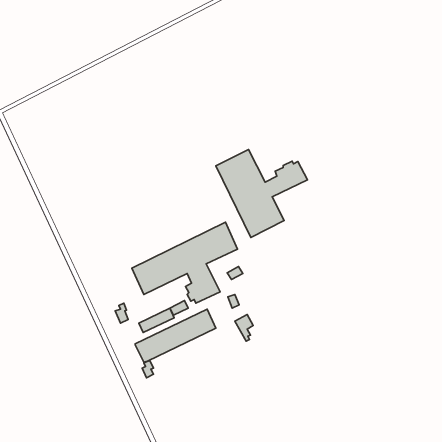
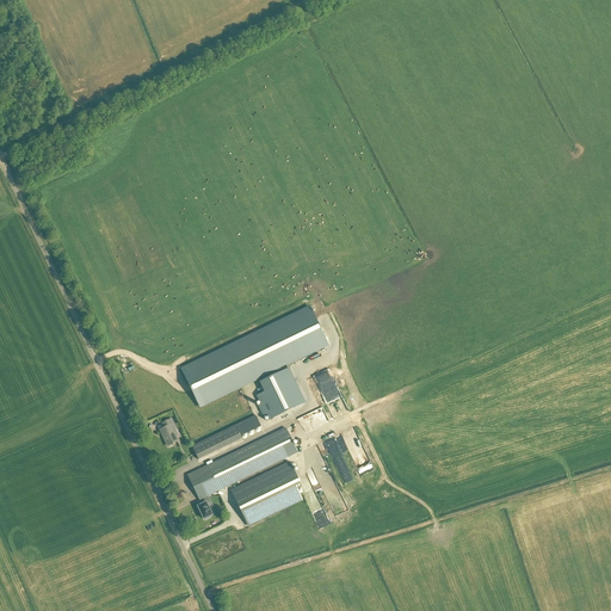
building: [216,149,308,238] -> none
building: none -> [229,459,301,525]

